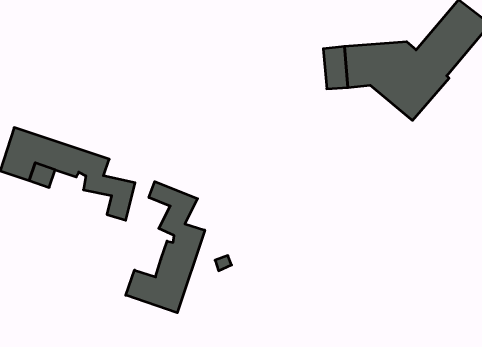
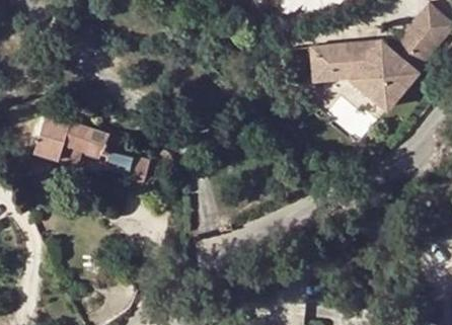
building: [126,182,205,313] -> none

